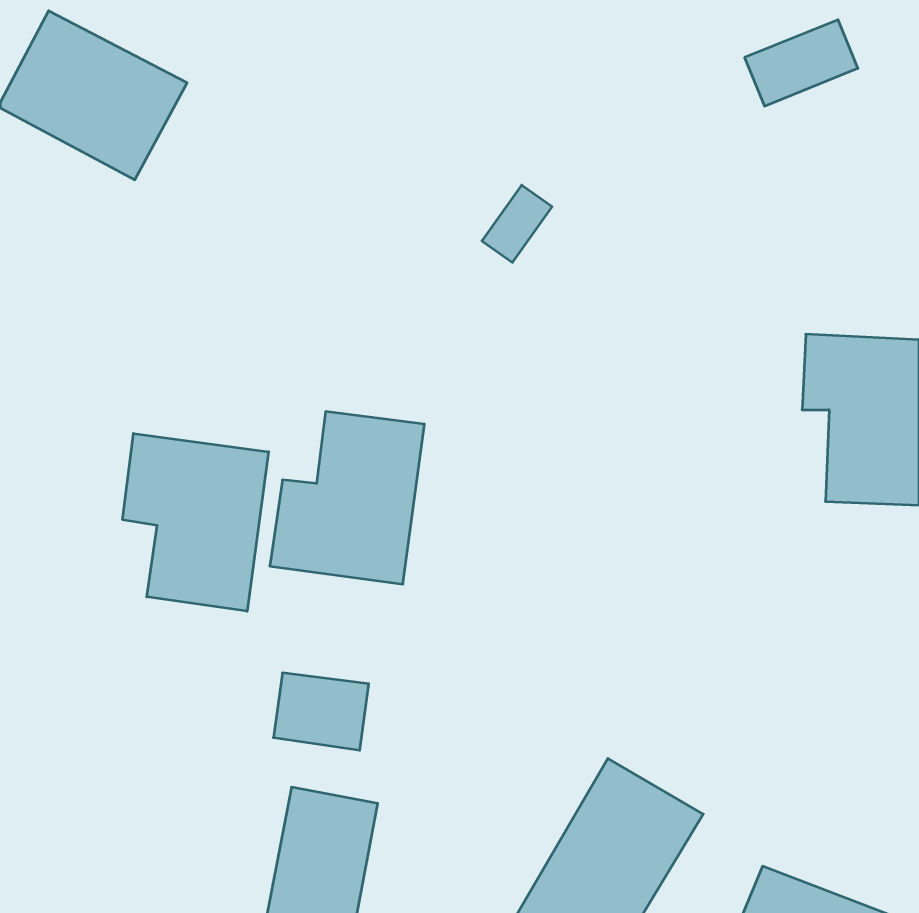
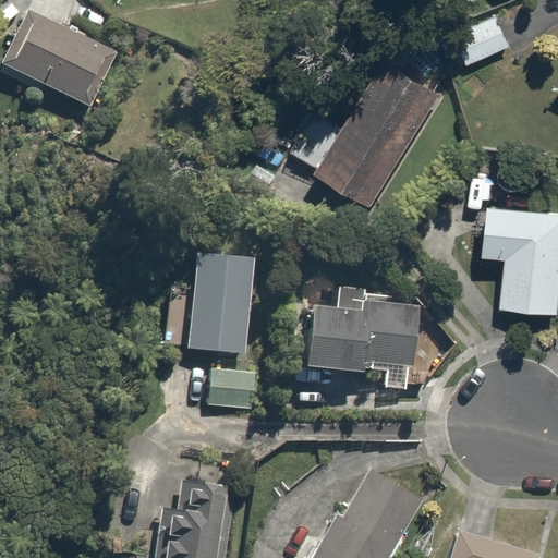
building: none -> [315,54,449,209]
building: [123,433,269,611] -> none
building: none -> [311,288,418,388]
building: [273,673,369,750] -> [205,365,263,412]

